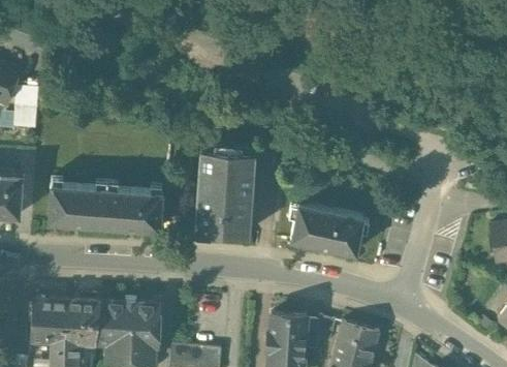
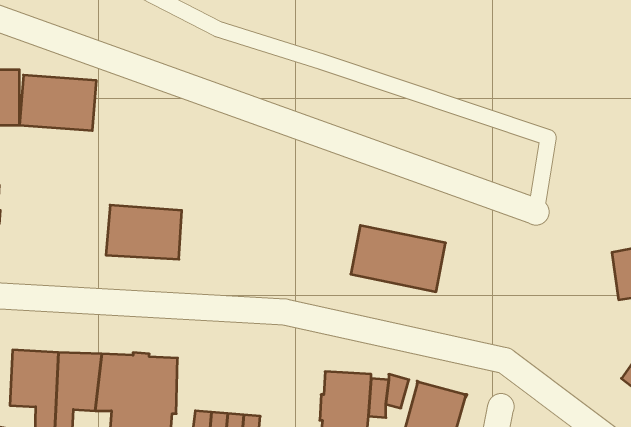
building: [194,149,253,235] -> none
building: [47,183,106,225] -> [19,75,96,131]

